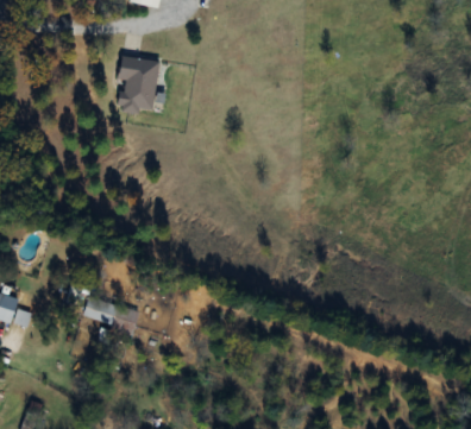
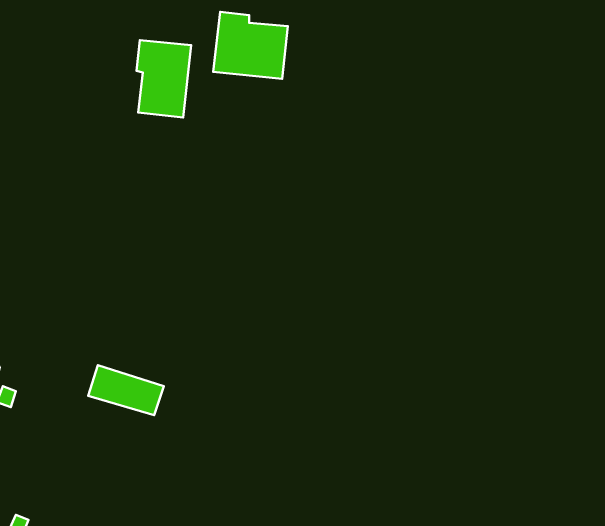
building: none -> [213,12,288,79]

